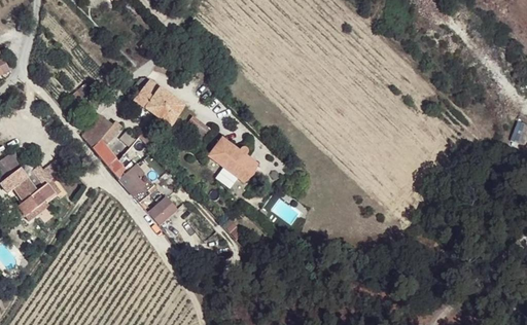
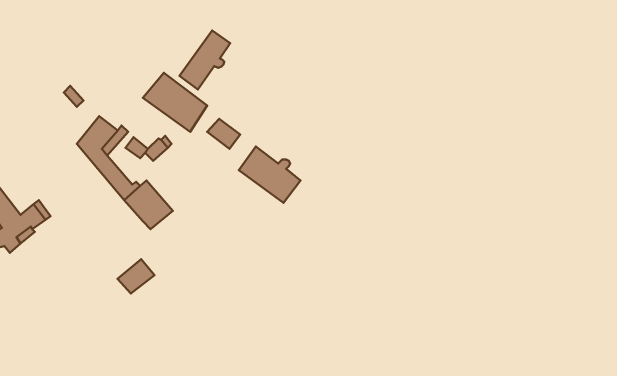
building: none -> [180,31,230,89]
building: [148,196,177,223] -> [118,259,154,293]

